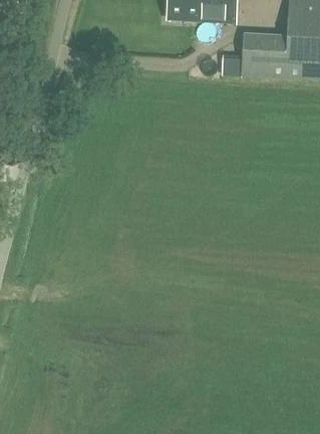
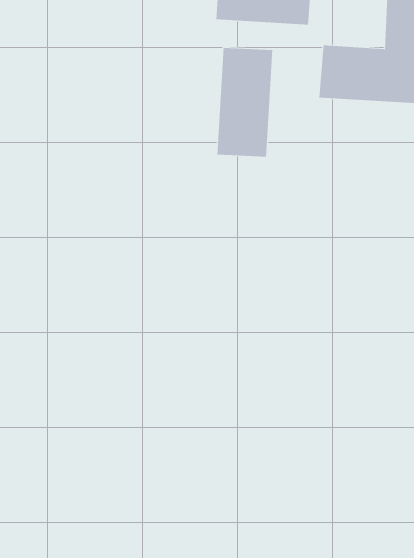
building: none -> [217,47,273,158]

